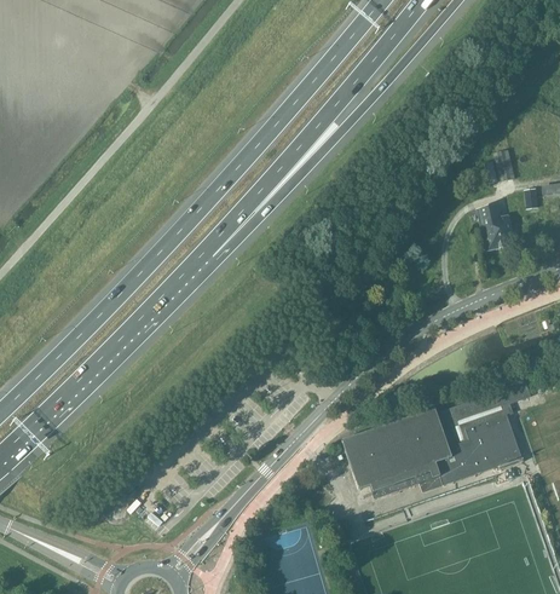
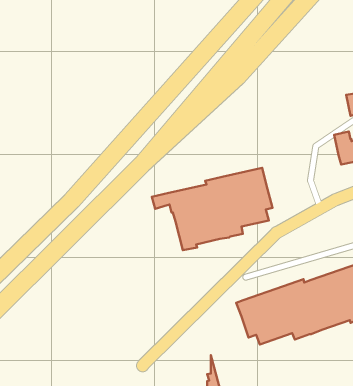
building: none -> [152,168,273,250]

